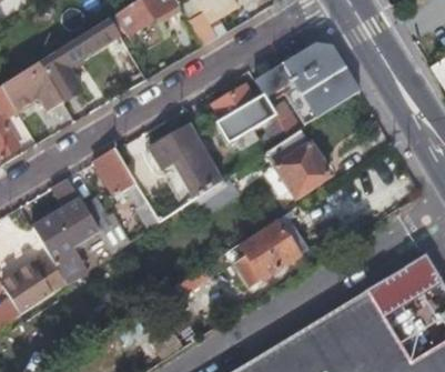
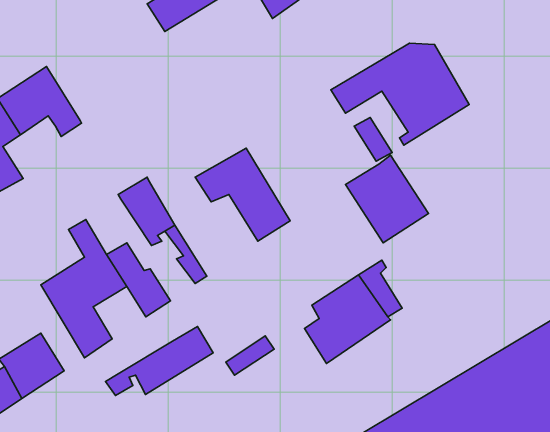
building: [37,19,118,104] -> none
building: [211,87,265,150] -> none
building: none -> [106,326,213,396]

